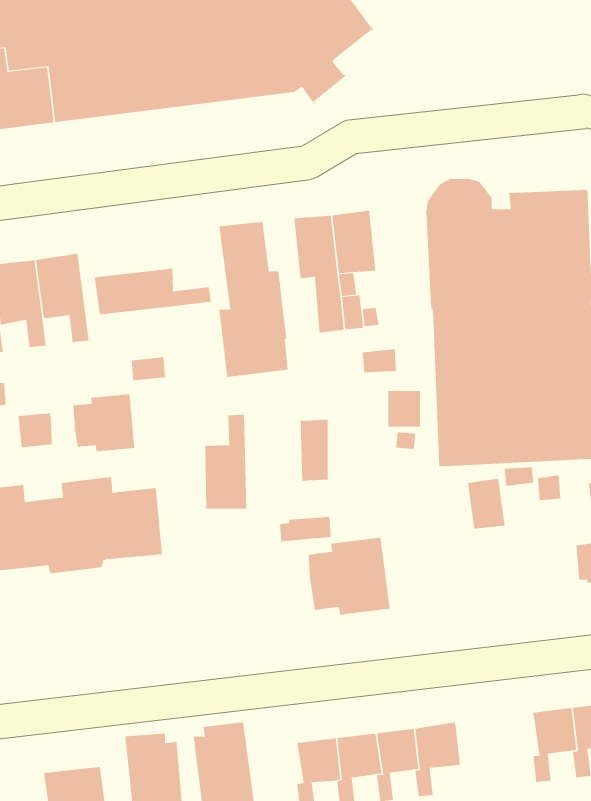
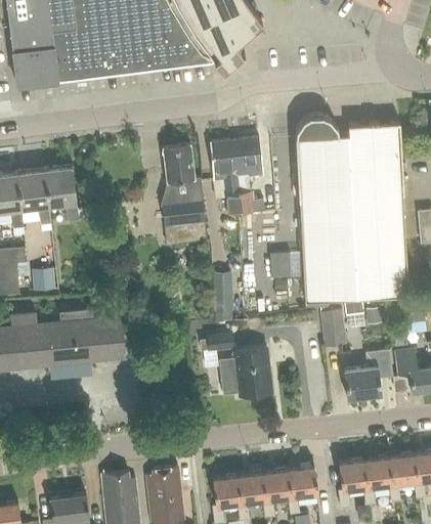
building: [94,268,211,315] -> none
building: [73,393,135,452] -> none
building: [205,414,247,510] -> none
building: none -> [343,350,393,399]
building: none -> [338,460,368,508]

